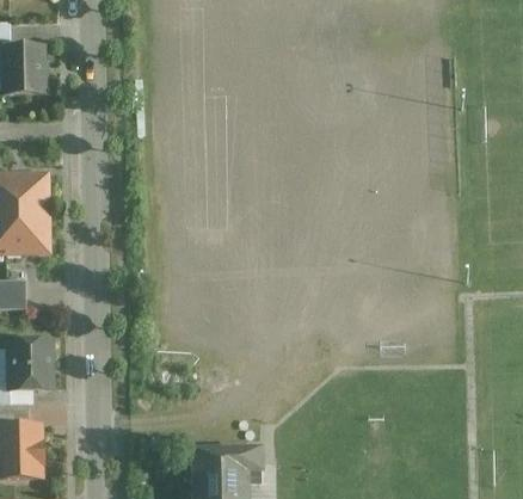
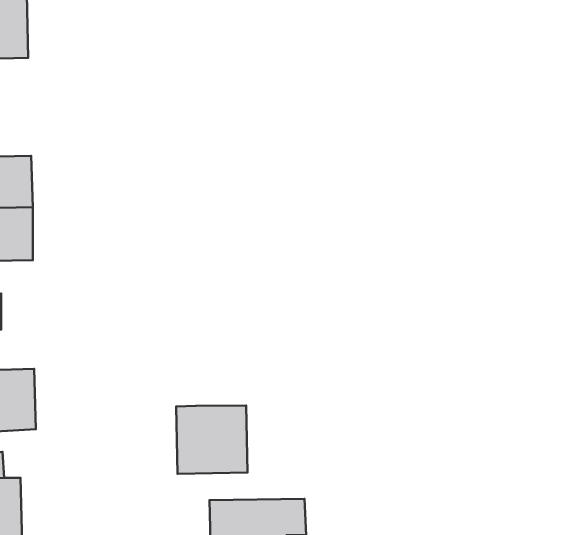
building: none -> [176,405,248,474]

